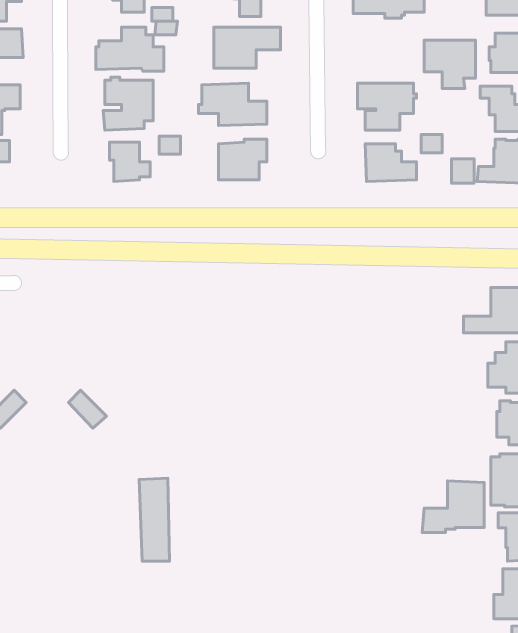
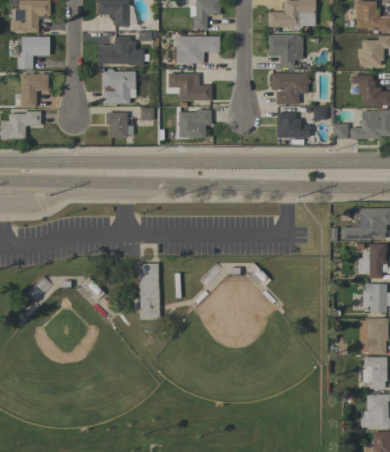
building: [424,40,475,89] -> [268,35,302,67]
building: [139,478,169,561] -> [139,263,159,318]
building: [422,481,484,532] -> none

